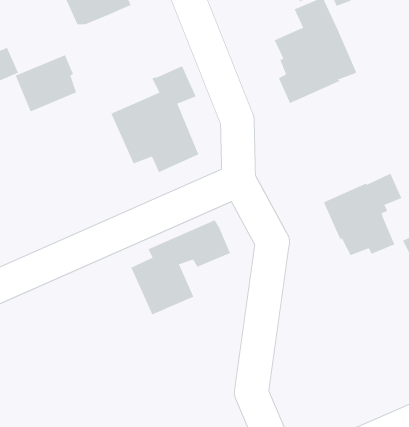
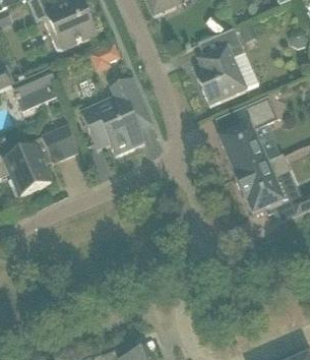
building: none -> [88,42,121,71]
building: none -> [220,97,281,175]
building: [131,219,231,315] -> [5,126,77,195]

